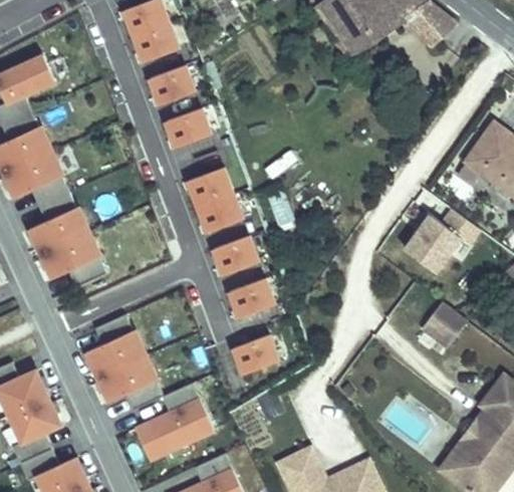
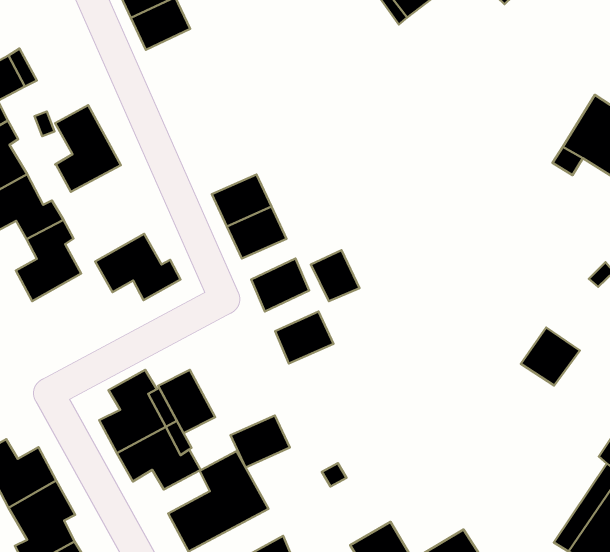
building: [149,65,195,104] -> none
building: none -> [55,105,121,192]
building: [165,107,211,148] -> none
building: [406,210,479,272] -> none
building: none -> [311,250,359,301]
building: [39,235,105,287] -> [95,234,180,300]
building: none -> [158,370,215,433]
building: [239,332,285,372] -> [230,416,290,467]

